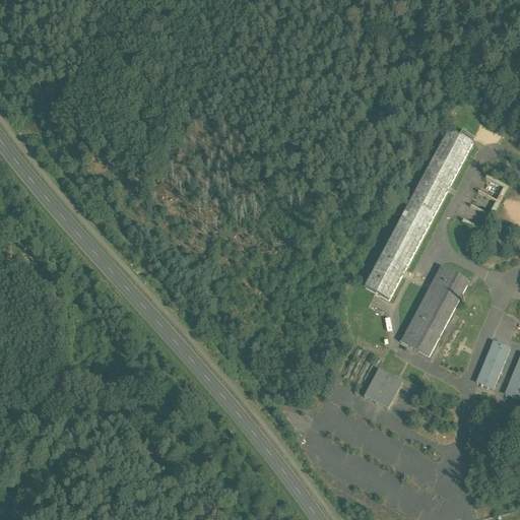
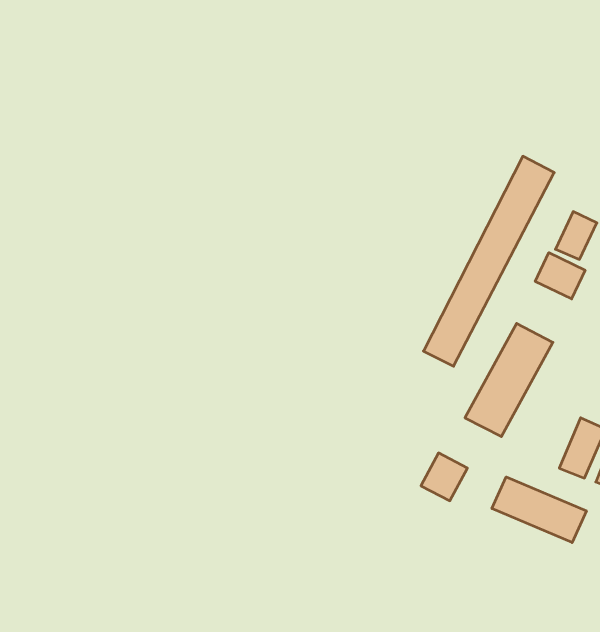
building: none -> [535,253,585,299]
building: none -> [492,477,586,543]

